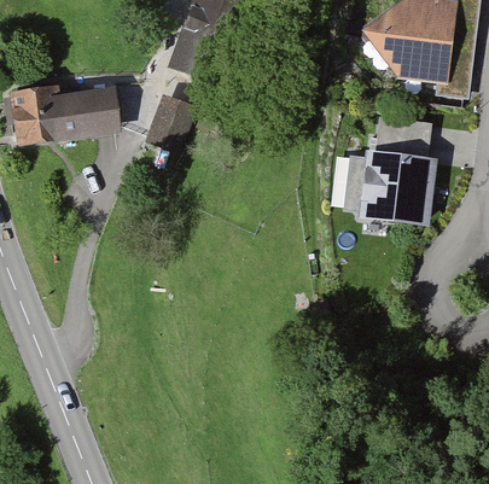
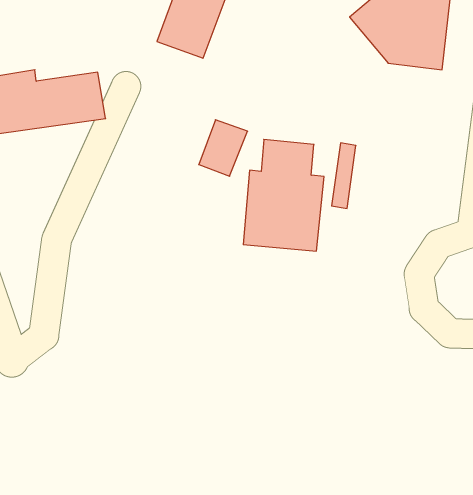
building: [141,97,187,150] -> [199,120,248,176]
building: [362,121,438,226] -> [243,139,324,251]

